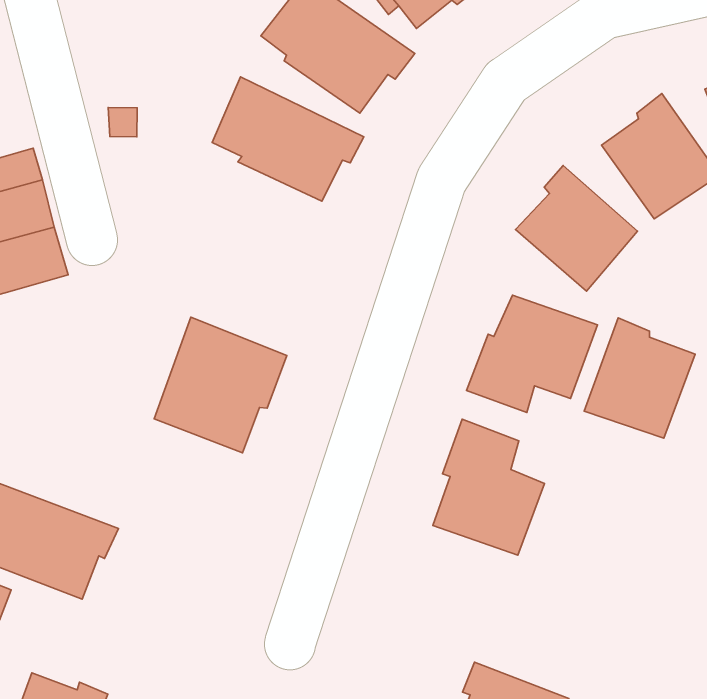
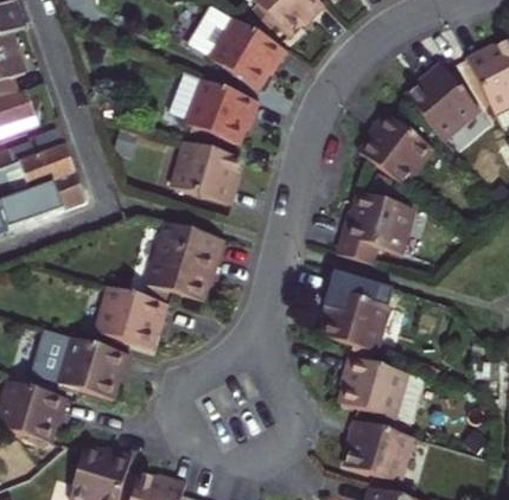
building: none -> [173,141,240,204]
building: [584,318,695,438] -> none
building: none -> [94,284,168,347]
building: none -> [338,354,421,421]

